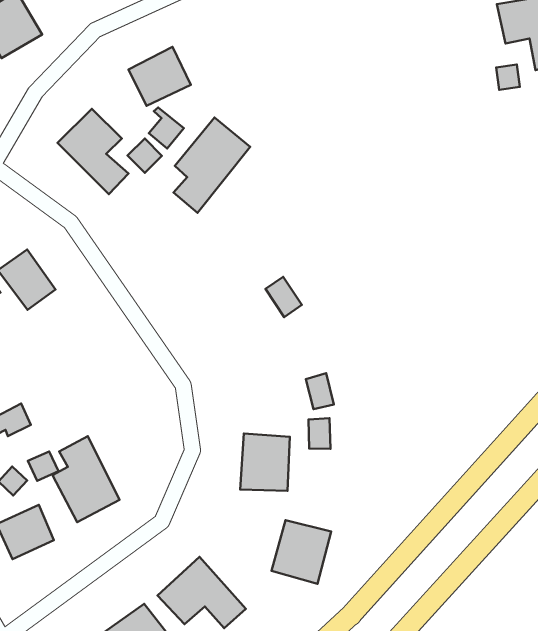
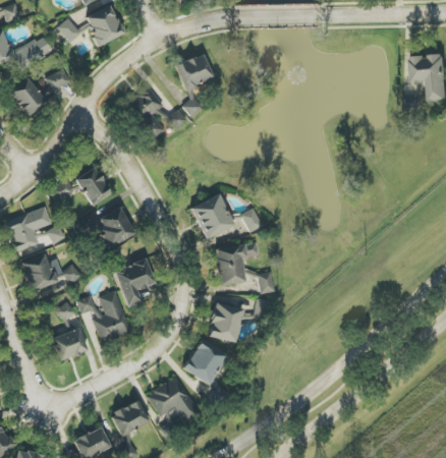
building: [174,117,250,213] -> none
building: none -> [190,193,235,239]
building: none -> [98,207,134,246]
building: none -> [215,242,259,286]
building: none -> [114,259,155,307]
building: [272,520,331,584] -> [185,341,226,384]

